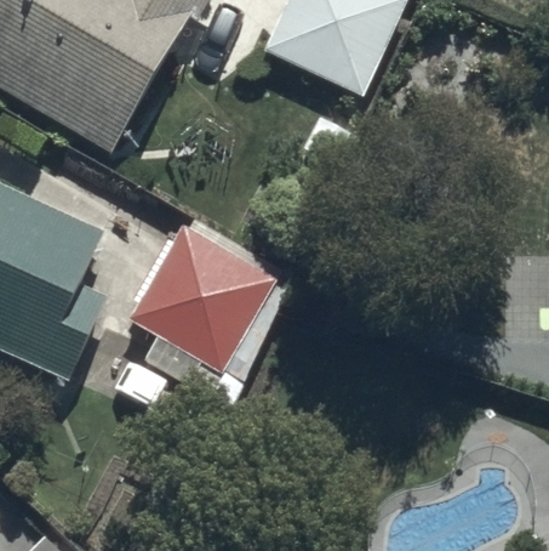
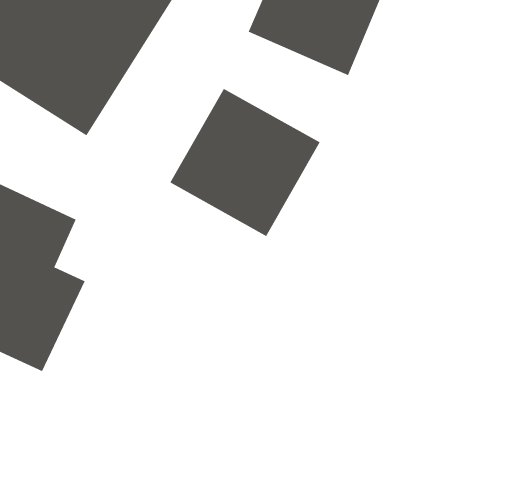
building: [130,228,275,371] -> [169,88,321,237]

